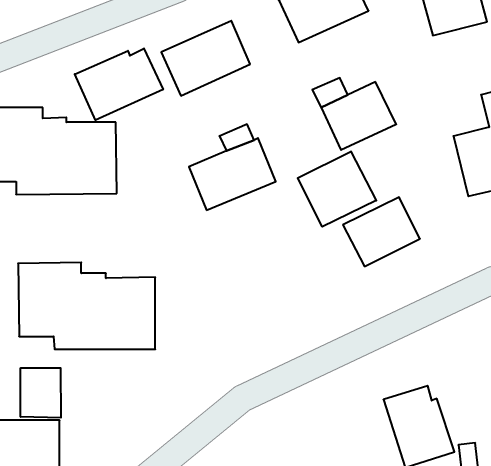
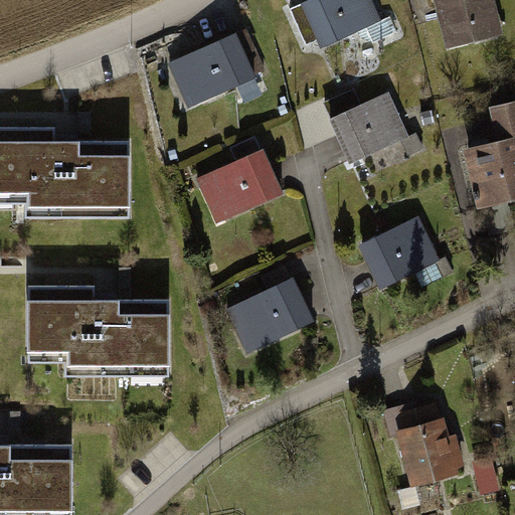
building: [75,48,163,120] -> none
building: [298,151,376,227] -> none
building: none -> [222,274,311,350]
building: [21,368,61,418] -> none

